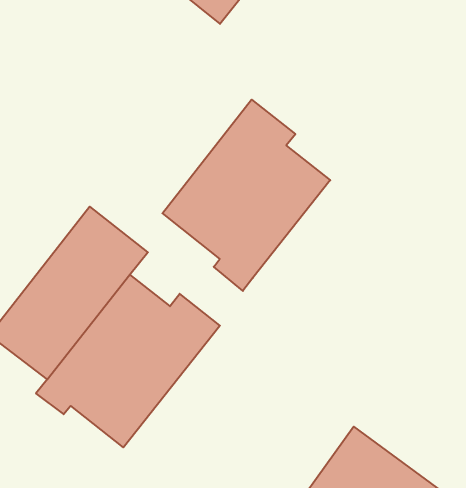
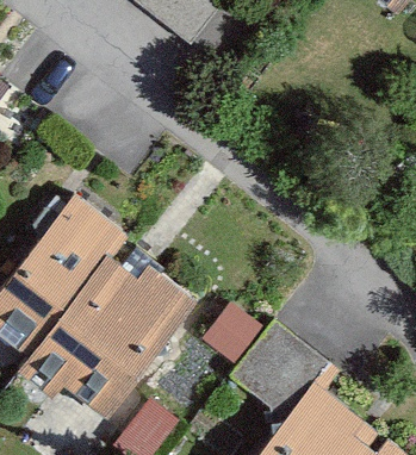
building: [162,100,330,291] -> none

